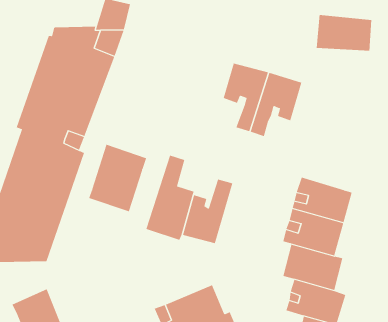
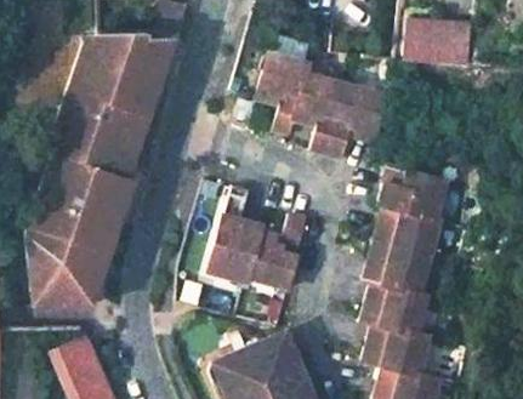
building: none -> [252,51,309,132]
building: none -> [379,169,447,223]
building: [88,144,147,212] -> none

